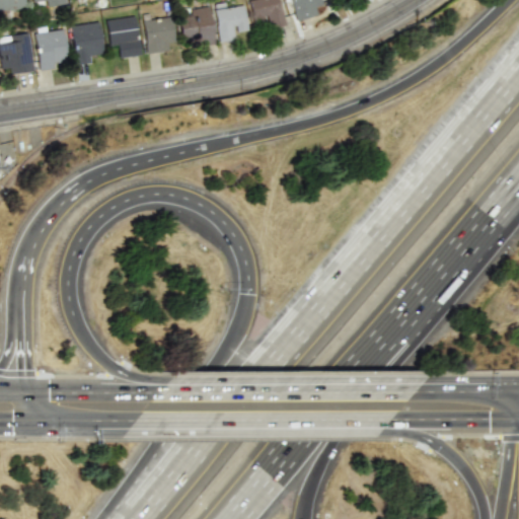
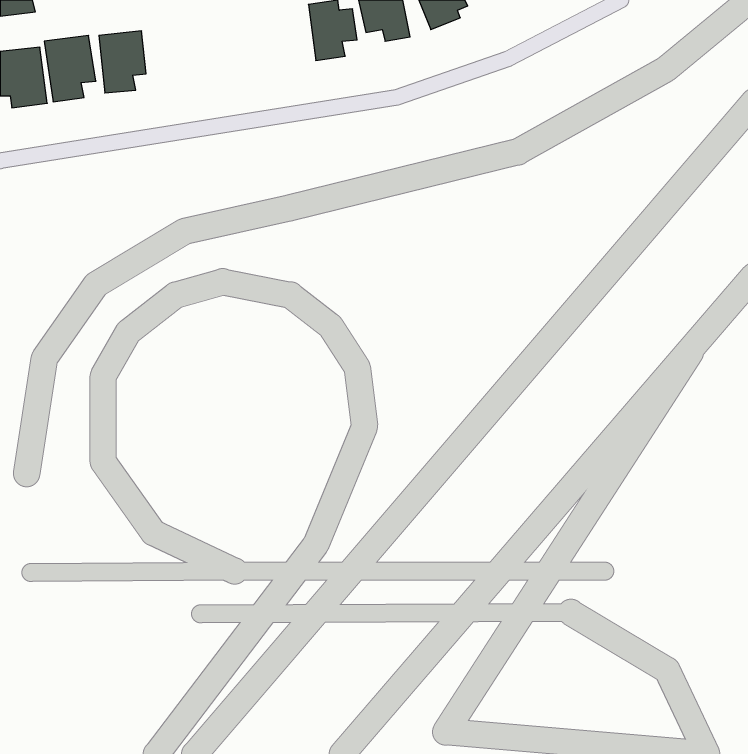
building: [179,6,217,46] -> none
building: [106,15,143,58] -> none
building: [144,16,177,53] -> none

